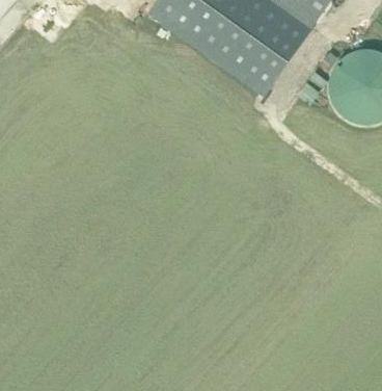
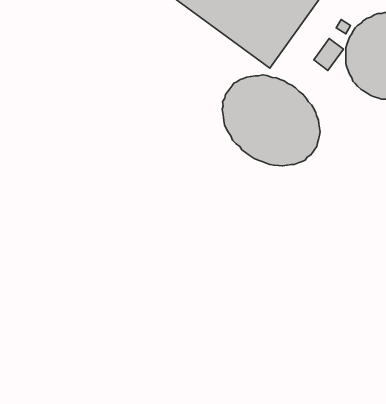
building: none -> [222,75,320,166]

